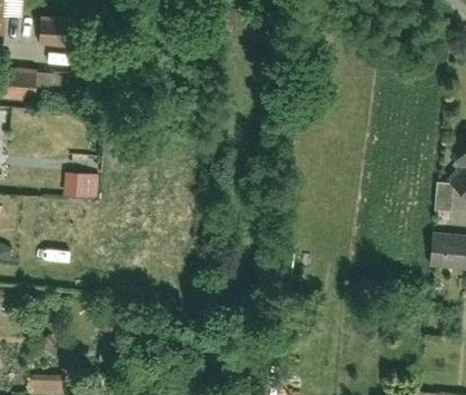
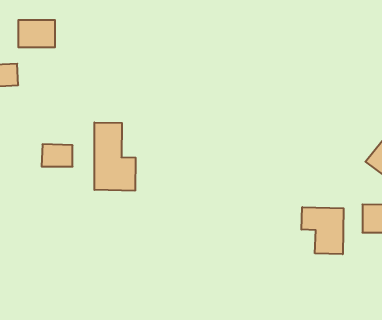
building: none -> [94,122,136,191]
building: none -> [301,207,344,254]

